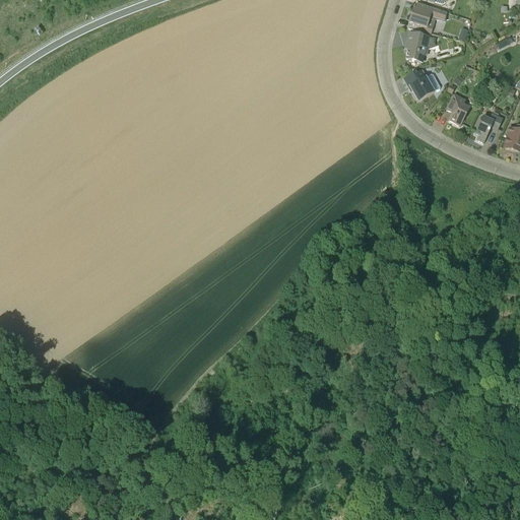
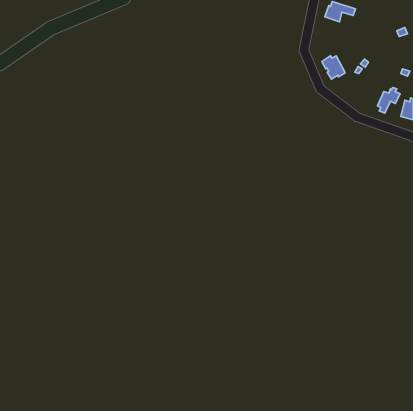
building: [405,31,429,61] -> none
building: [445,92,470,125] -> none

